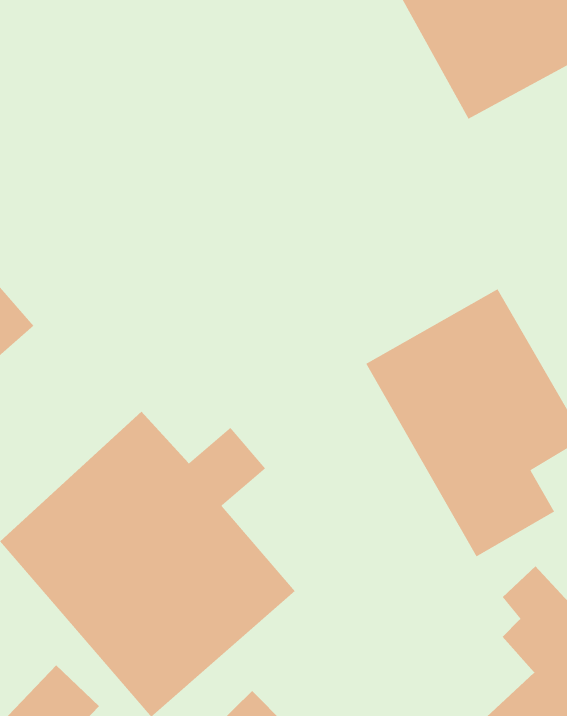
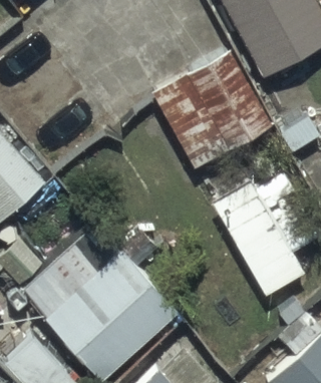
building: none -> [152,51,274,171]

